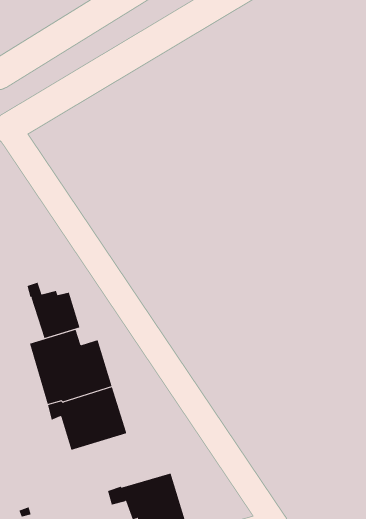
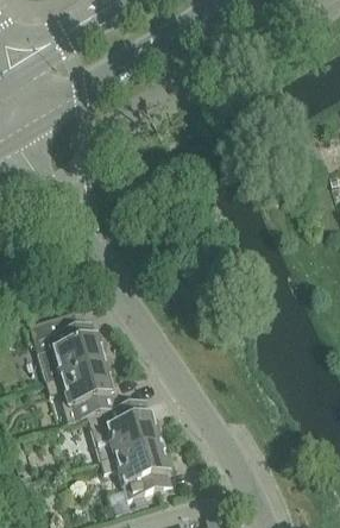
building: [27,282,80,339] -> none
building: none -> [68,398,159,459]

